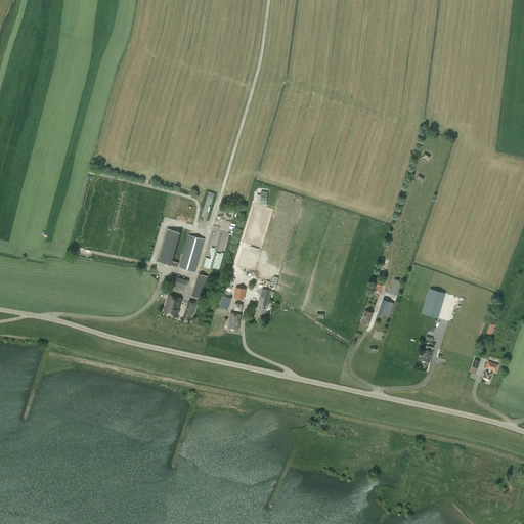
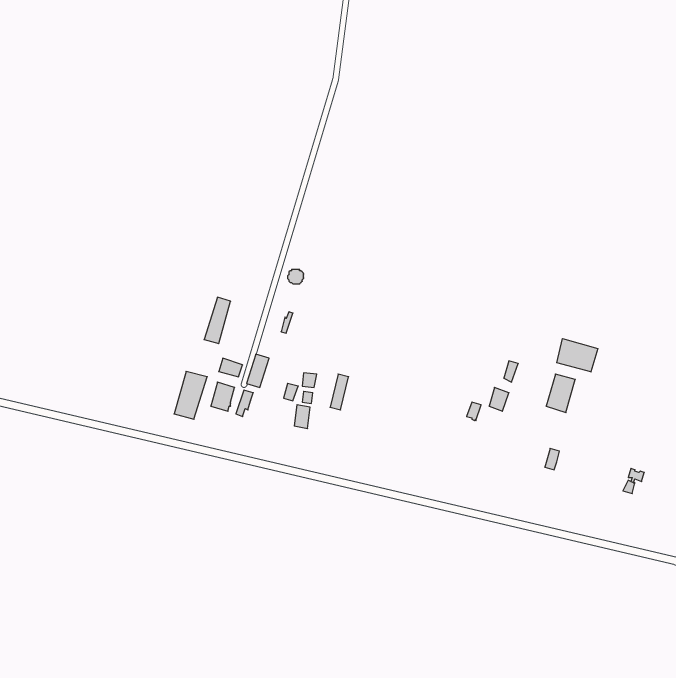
building: [178,235,204,272] -> [174,371,207,419]
building: none -> [557,339,598,372]

